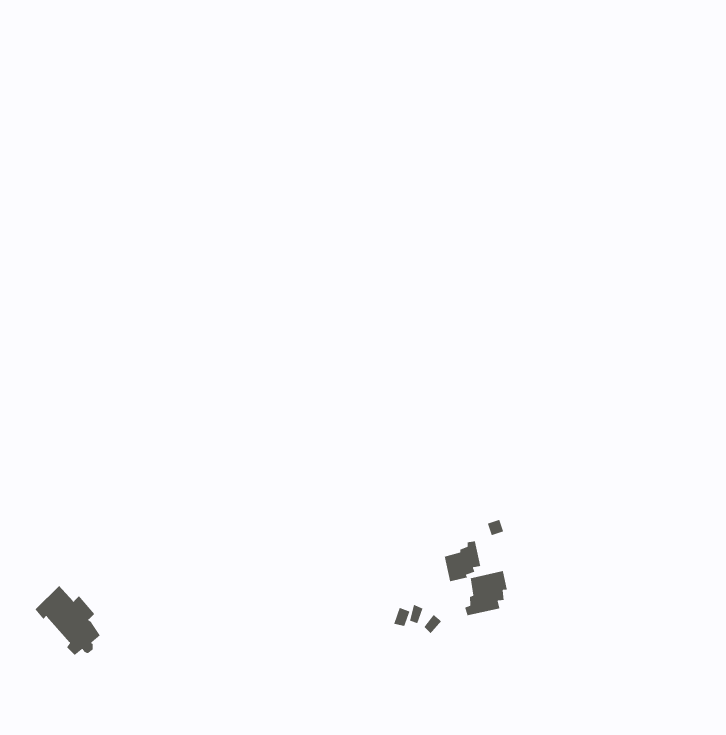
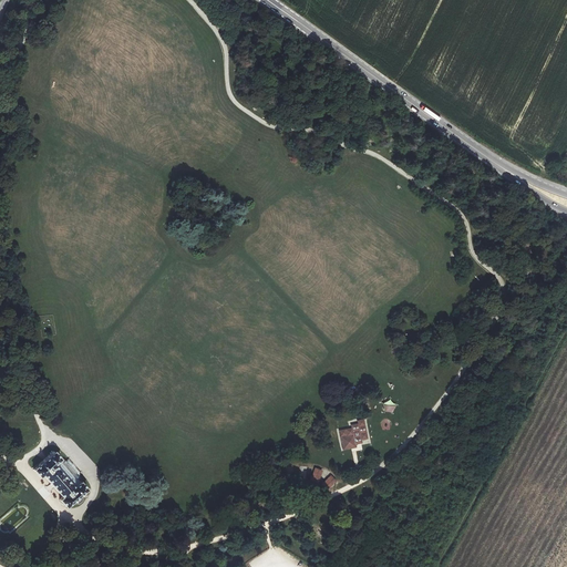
building: [464,570,508,616] -> none

